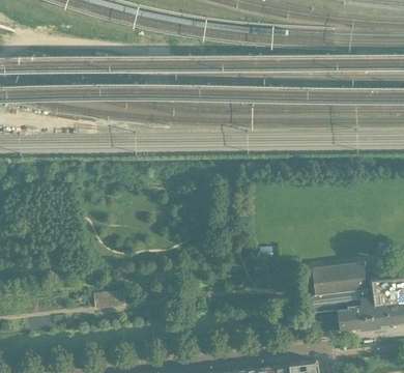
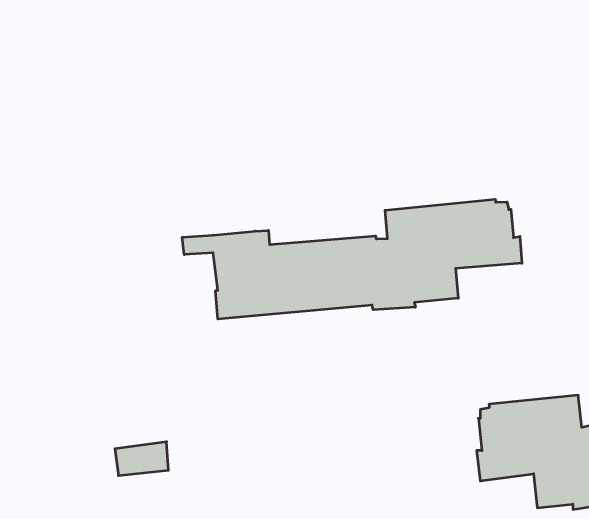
building: none -> [182,199,522,319]

